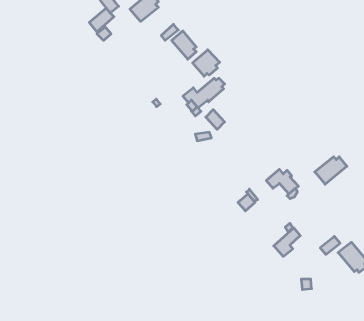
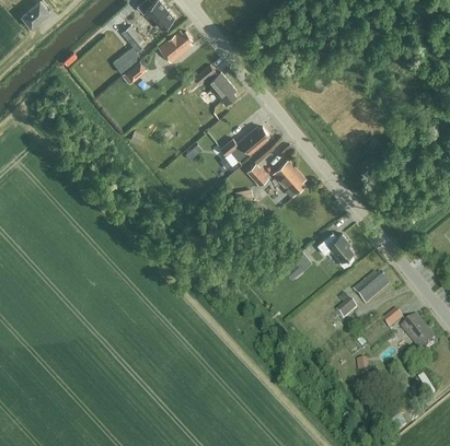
building: [193,50,220,76] -> none
building: none -> [273,159,307,196]
building: [315,157,347,184] -> [353,272,390,304]

